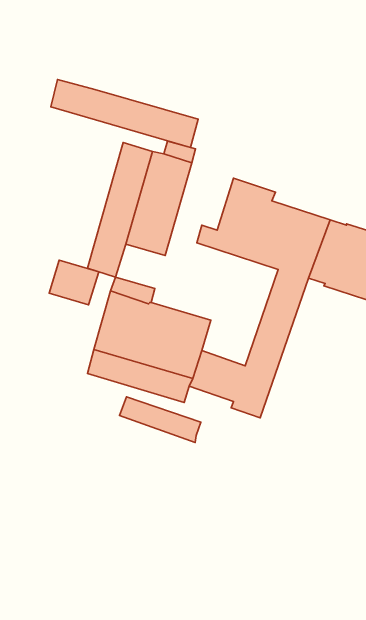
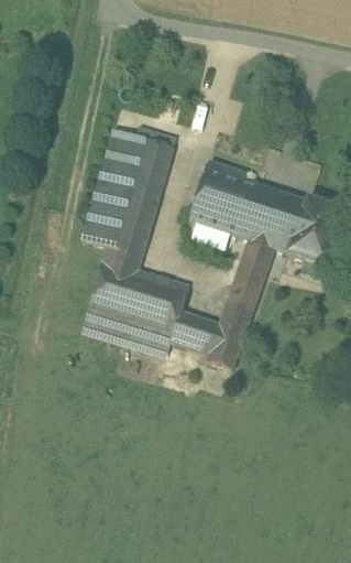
building: [51,79,198,148] -> none
building: [49,260,99,305] -> [108,217,151,256]
building: [119,397,201,442] -> none

